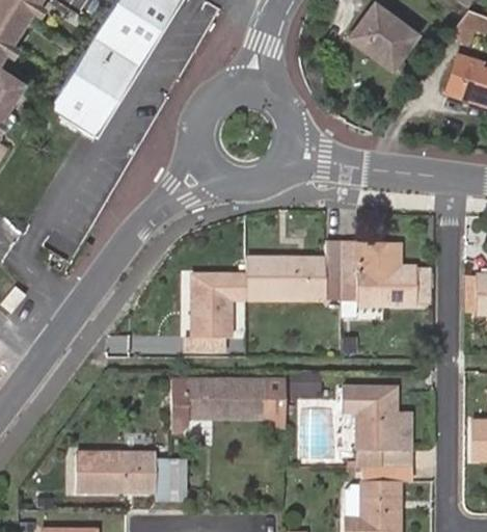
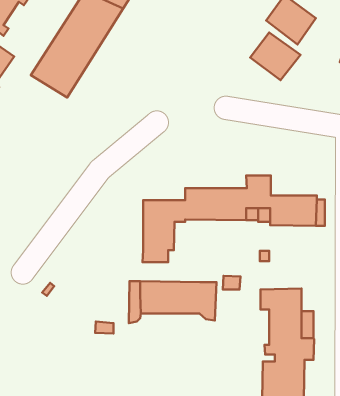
building: none -> [250,33,300,80]
building: [357,242,416,266] -> none
building: [78,451,187,500] -> none

